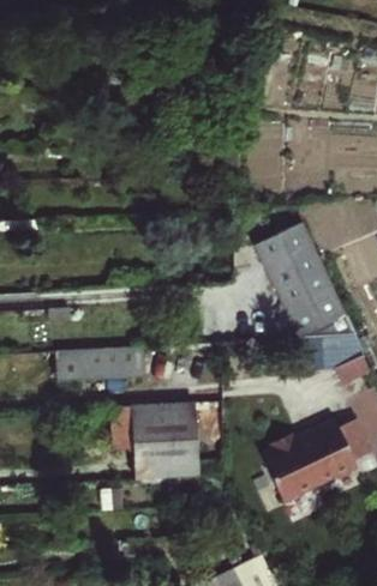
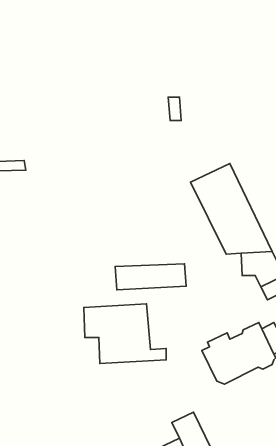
building: [54,345,145,379] -> [115,264,186,290]

